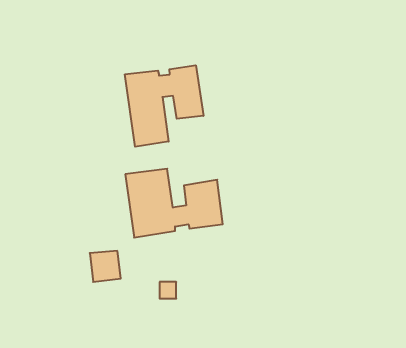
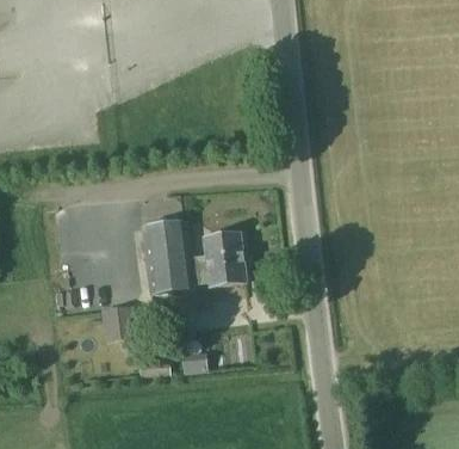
building: [125,65,203,147] -> none

